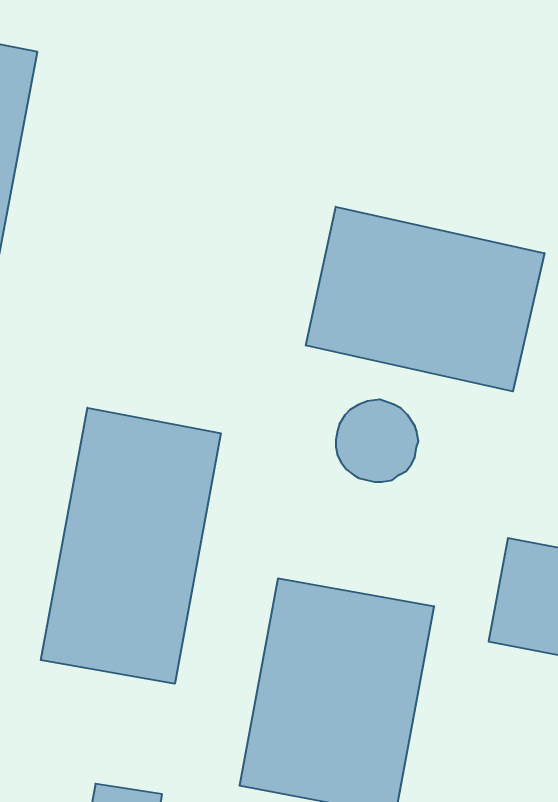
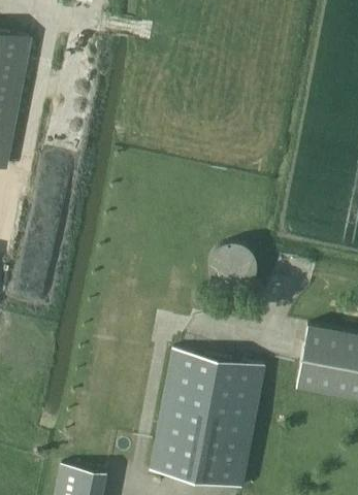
building: [306,207,544,391] -> none
building: [41,408,221,684] -> none

